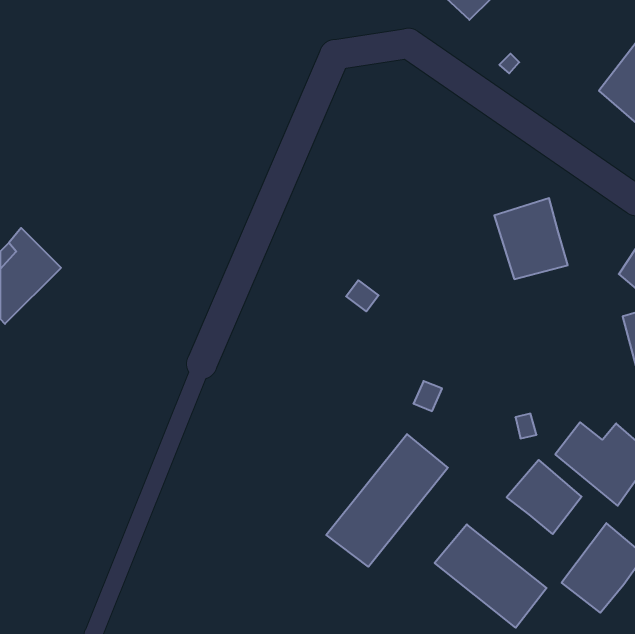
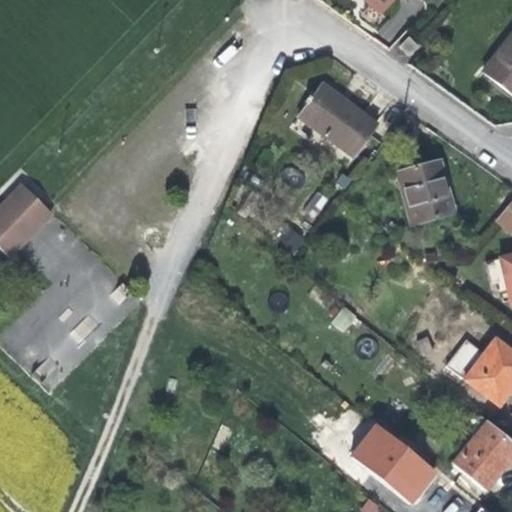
building: none -> [296,84,375,153]
building: [326,434,448,567] -> none
building: [507,460,582,534] -> none

